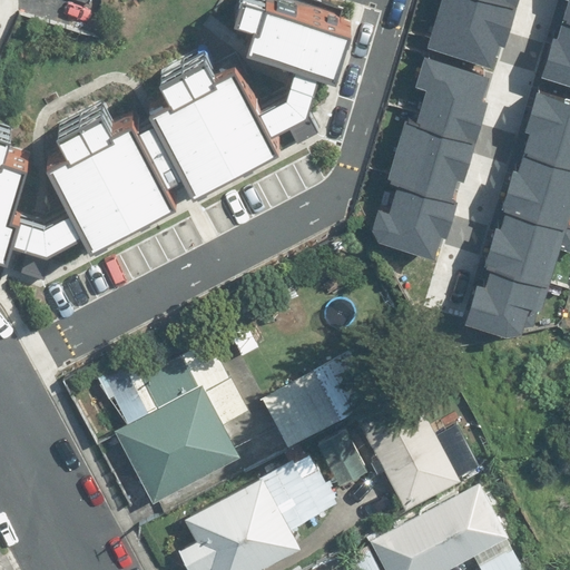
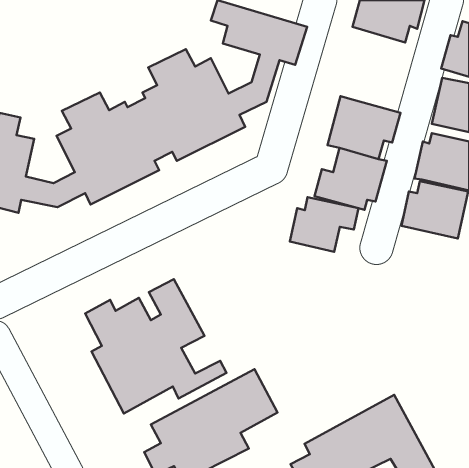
building: [423,65,499,141] -> none
building: [463,282,546,347] -> [290,197,358,252]
building: [257,365,348,448] -> none
building: [351,386,459,509] -> none

